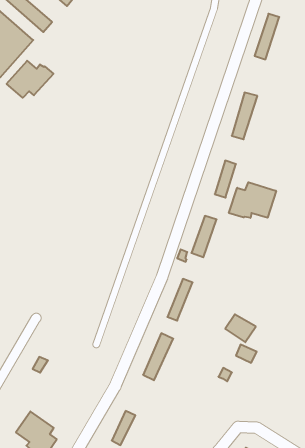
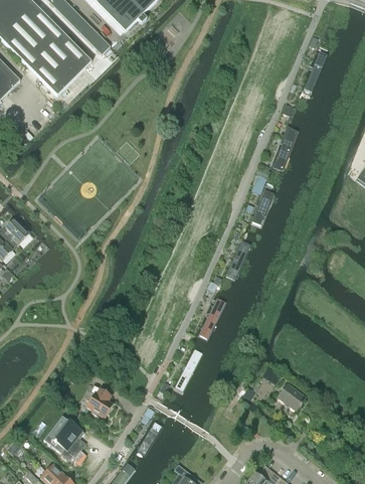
building: [7,61,53,98] -> none
building: [229,182,276,218] -> none
building: [225,314,256,342] -> [277,382,306,410]
building: none -> [86,388,113,417]

